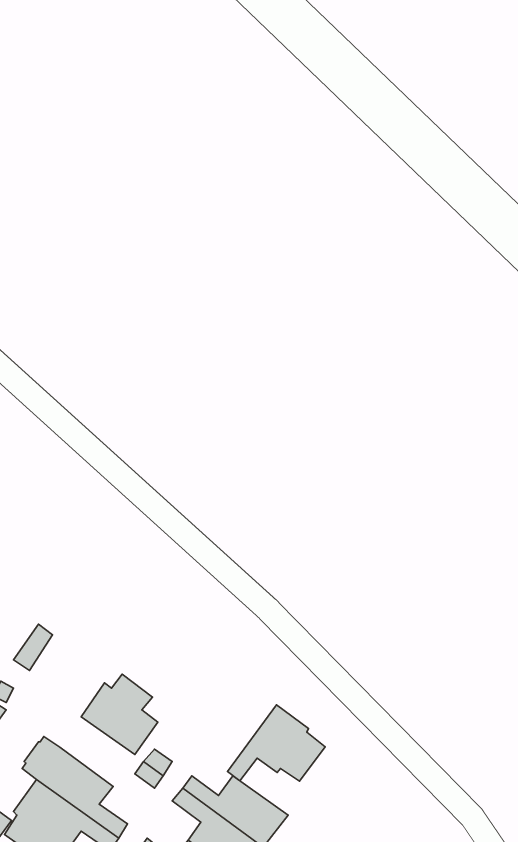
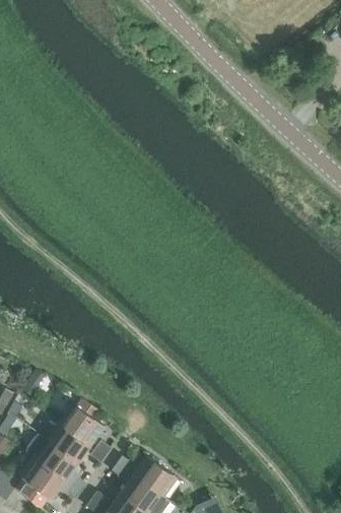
building: [228,705,325,781] -> none
building: none -> [47,423,89,462]

